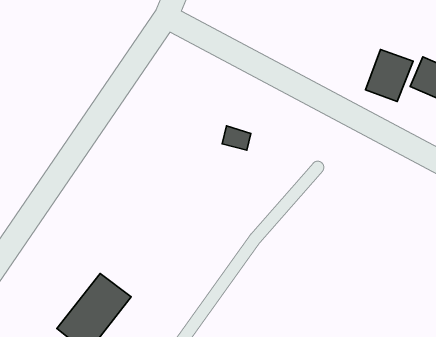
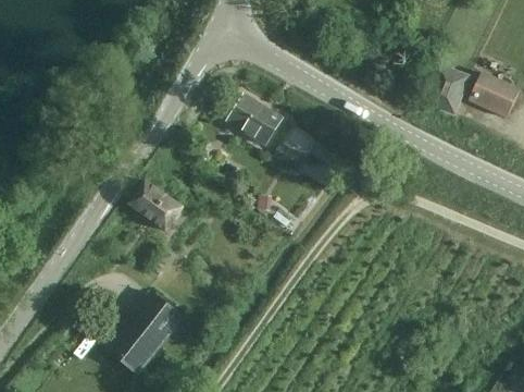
building: none -> [227,93,284,145]
building: none -> [128,180,184,231]

